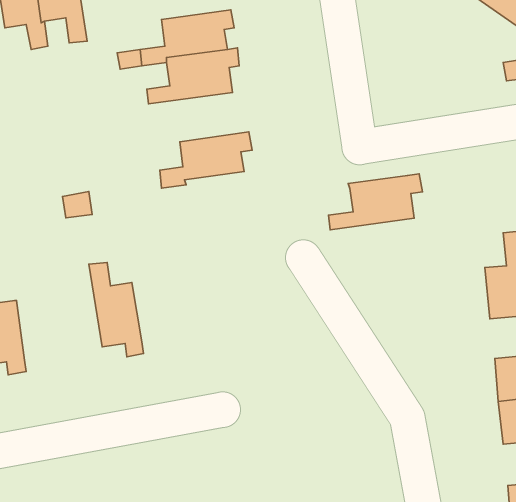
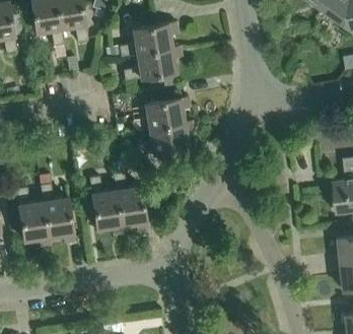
building: [328,174,422,230] -> [136,121,194,155]
building: none -> [114,174,148,231]
building: none -> [42,185,75,243]

